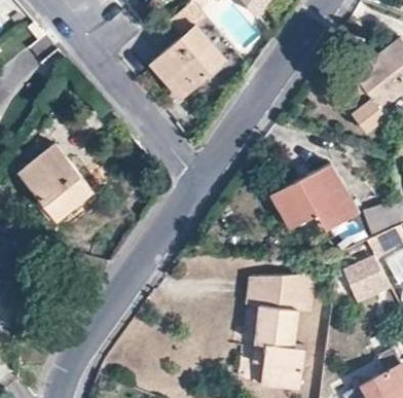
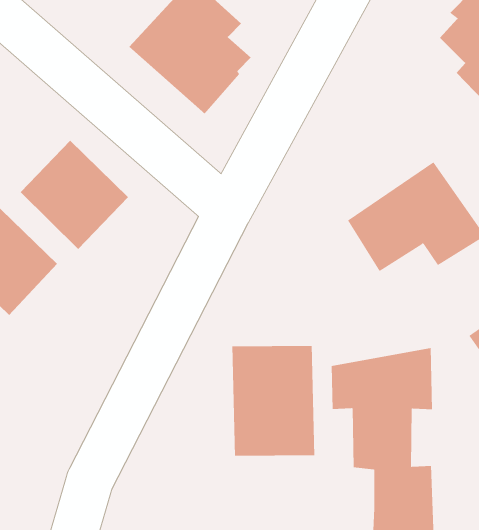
building: none -> [20,140,129,250]
building: none -> [232,345,315,457]

